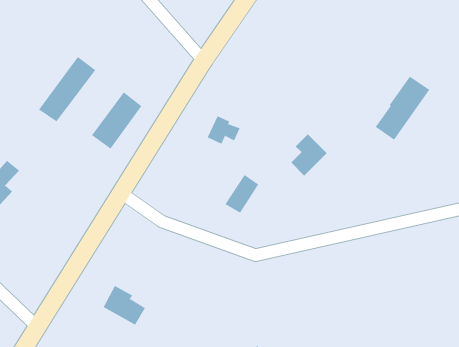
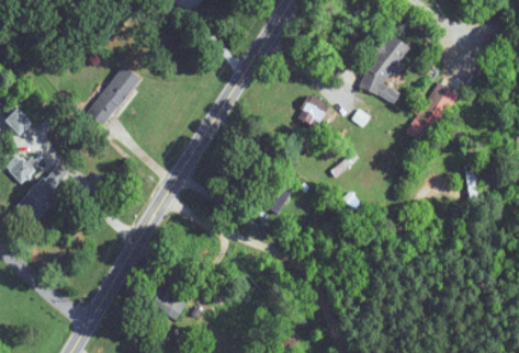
building: none -> [359,32,409,104]
building: [91,91,142,150] -> none
building: [207,116,240,145] -> [296,99,328,126]

